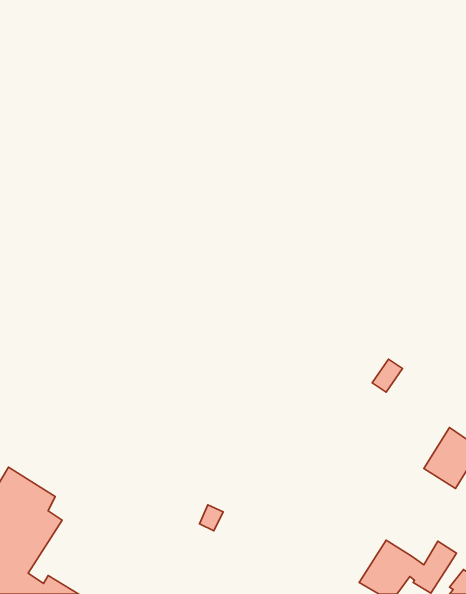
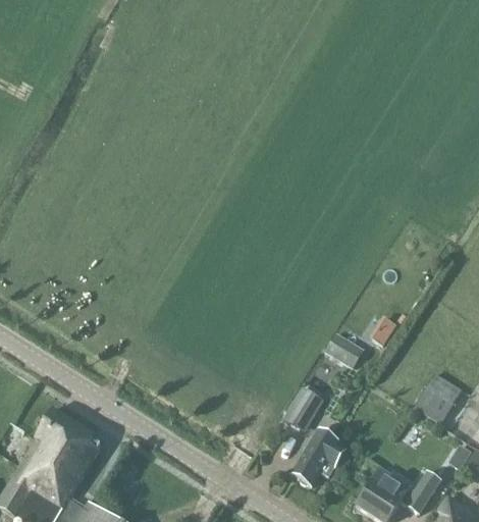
building: none -> [326,332,367,369]
building: none -> [281,389,318,431]
building: none -> [290,431,345,487]

